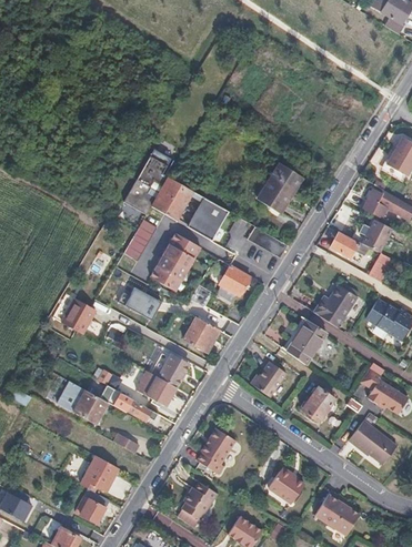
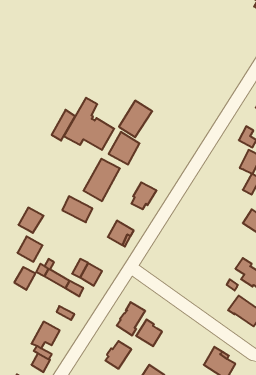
building: [257,164,302,214] -> [119,101,152,137]
building: [124,219,157,261] -> [52,110,75,141]
building: [248,226,288,259] -> none
building: [331,233,370,259] -> none
building: [315,284,360,328] -> none
building: [283,317,322,361] -> none
building: [159,353,190,386] -> none
building: [250,359,285,394] -> none
building: [302,386,335,421] -> none
building: [73,389,108,424] -> [17,236,43,262]
building: [268,466,303,503] -> [136,319,162,346]

